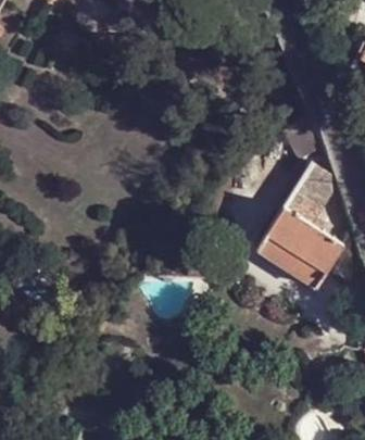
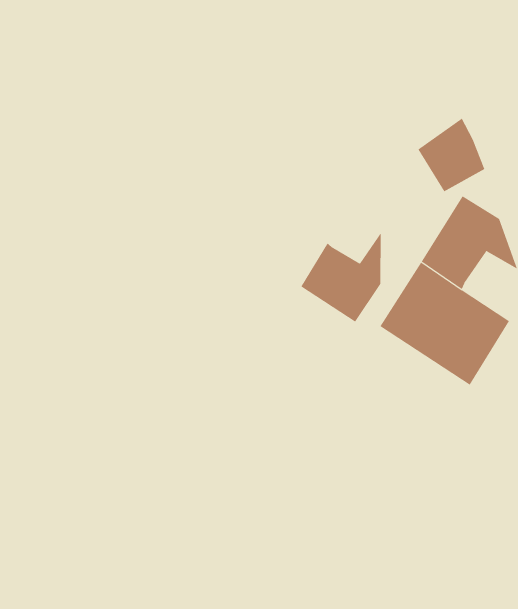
building: none -> [301,232,381,323]

